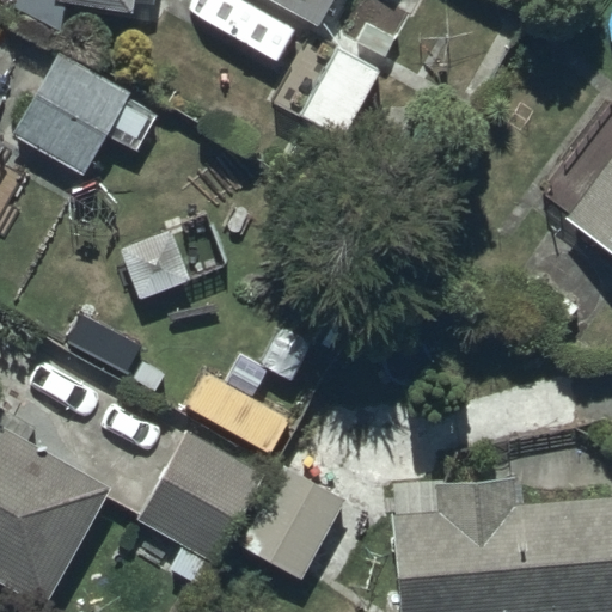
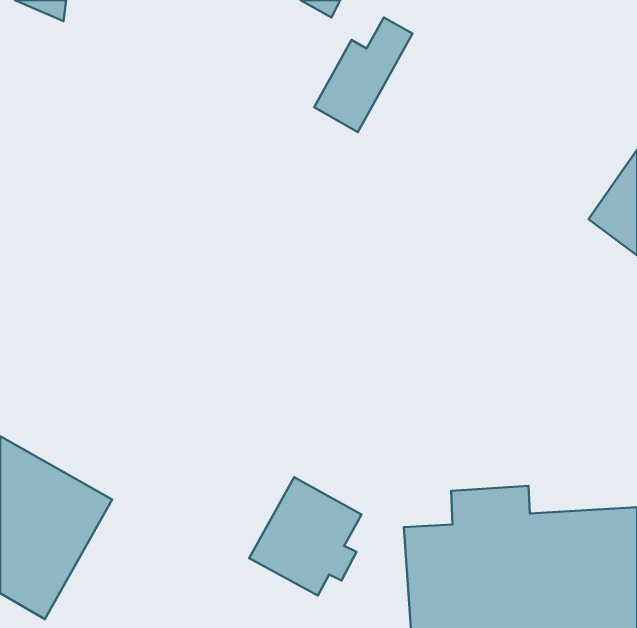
building: [14,55,153,173] -> none
building: [135,432,262,586] -> none

